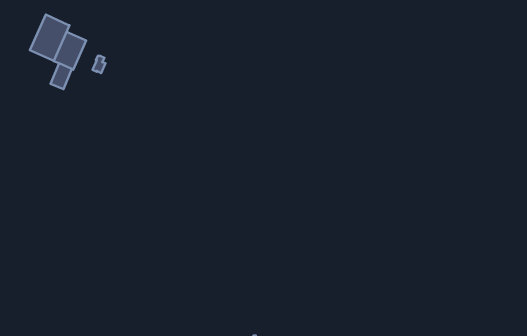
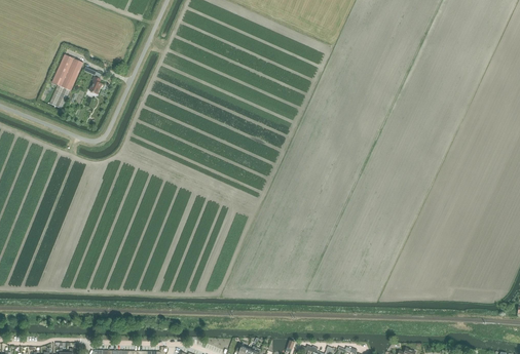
building: [30,14,70,61] -> none

